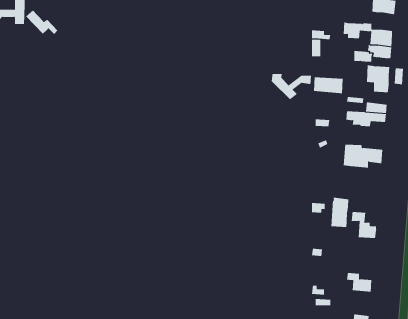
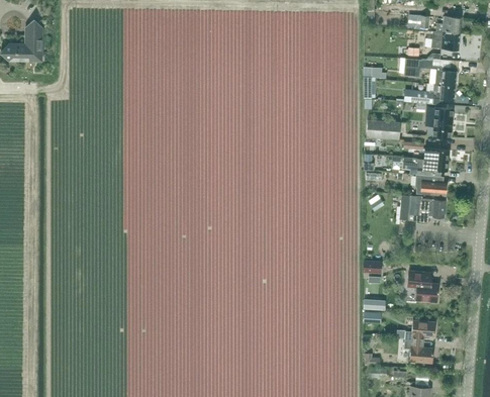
building: [25,9,58,35] -> none
building: [271,73,311,100] -> none
building: none -> [417,175,447,196]
building: [331,197,349,228] -> none
building: none -> [404,319,434,340]

